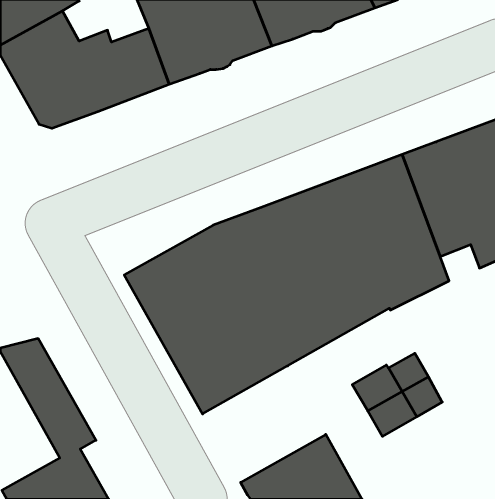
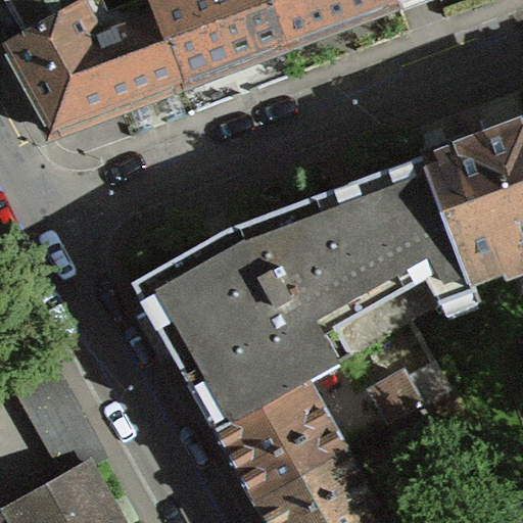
building: none -> [217,382,345,504]

